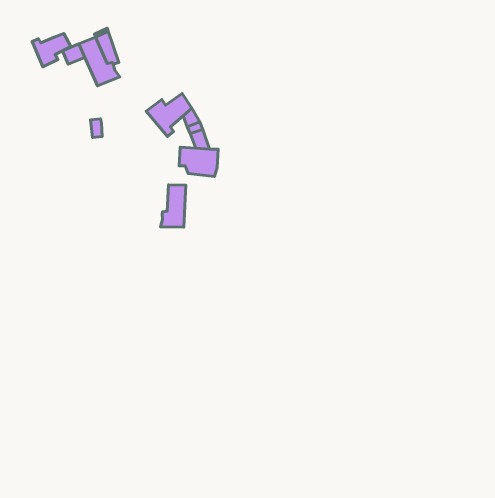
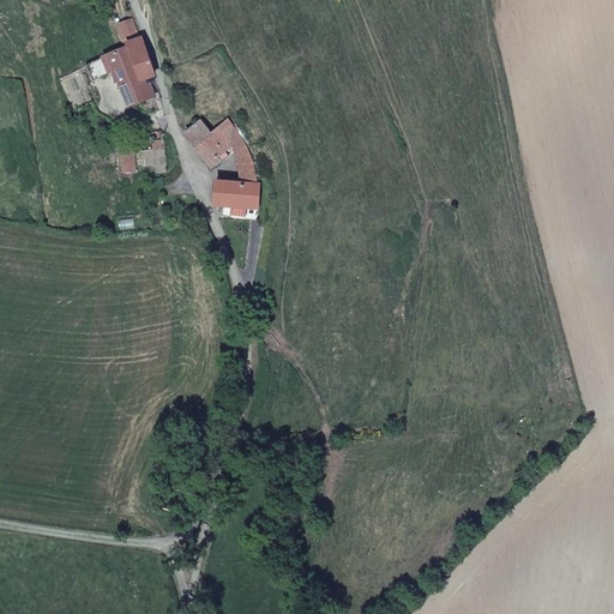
building: [32,34,71,67] -> none
building: [161,185,186,227] -> none

